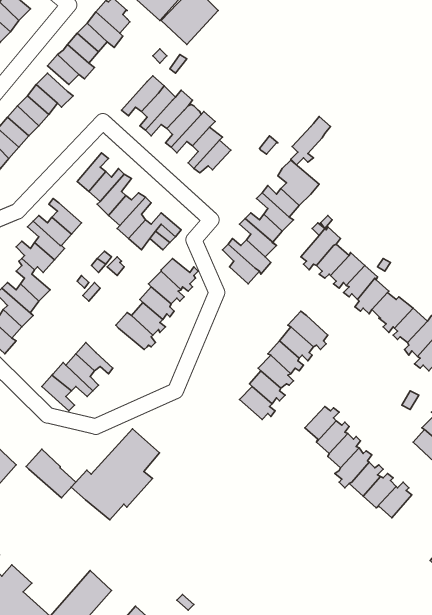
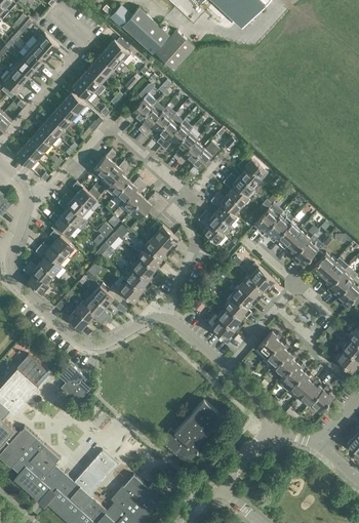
building: [291,116,331,165] -> [189,140,217,175]
building: none -> [98,276,143,305]
building: [71,429,159,520] -> [158,401,222,467]

